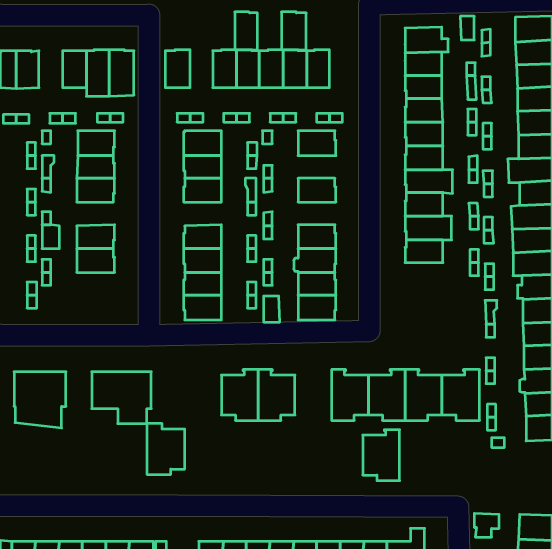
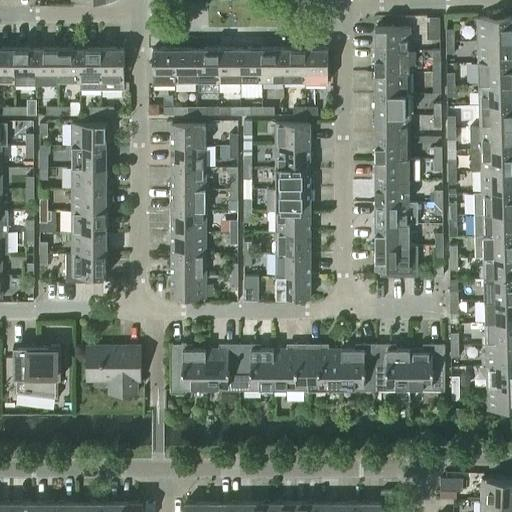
building: [235,12,257,50] -> [176,49,197,84]
building: [281,12,306,50] -> [305,49,328,84]
building: none -> [36,50,58,84]
building: none -> [276,147,311,168]
building: none -> [71,190,106,212]
building: none -> [170,190,205,212]
building: none -> [268,190,311,212]
building: none -> [375,246,418,277]
building: none -> [65,255,106,283]
building: [147,424,185,474] -> [170,345,205,392]
building: [363,430,400,481] -> [273,345,307,392]

